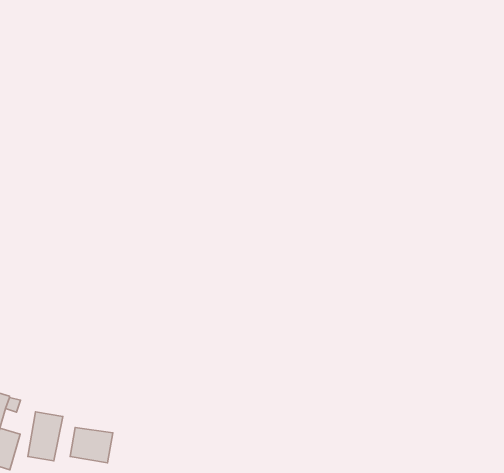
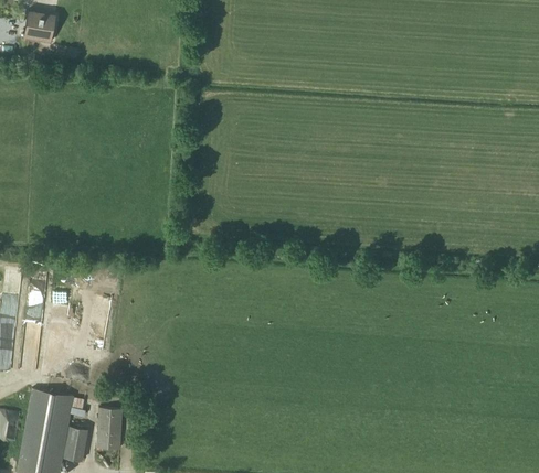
building: [70,428,113,463] -> none

